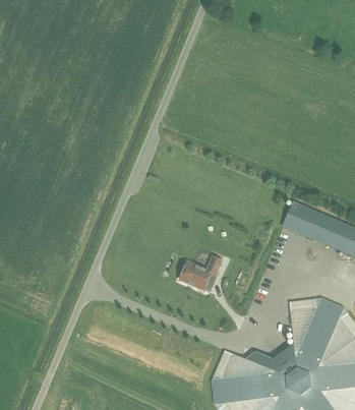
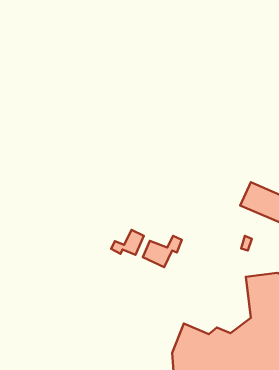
building: none -> [111,230,144,255]

